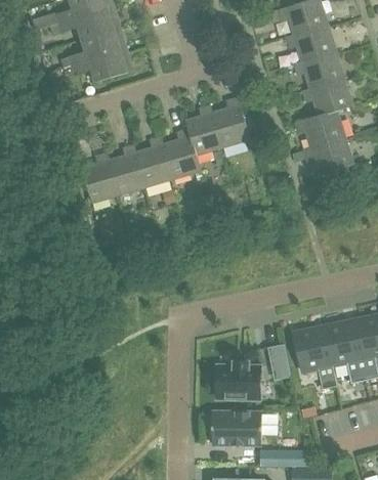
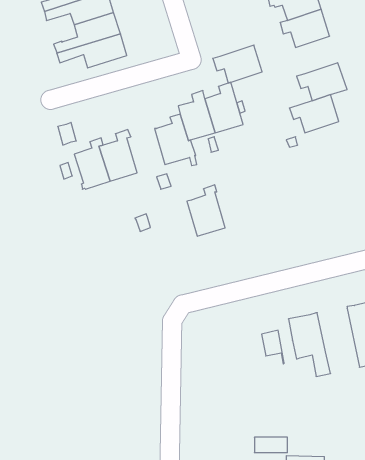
building: [294,50,343,88] -> [213,45,262,83]
building: [133,135,171,186] -> [187,185,225,236]
building: [303,135,352,174] -> none
building: [323,319,365,383] -> none
building: [216,361,260,398] -> none
building: [212,410,261,444] -> none

